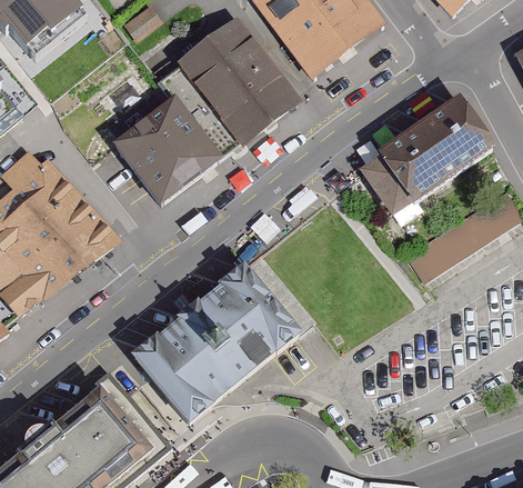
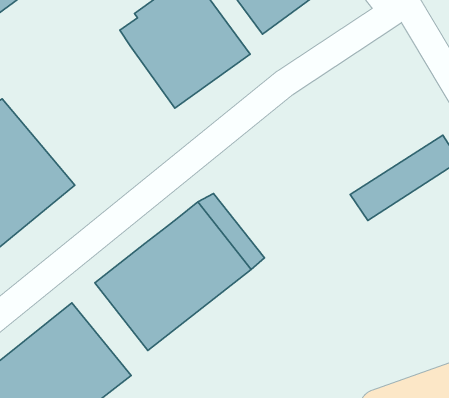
building: [109,93,220,205] -> none
building: [358,102,492,221] -> none

